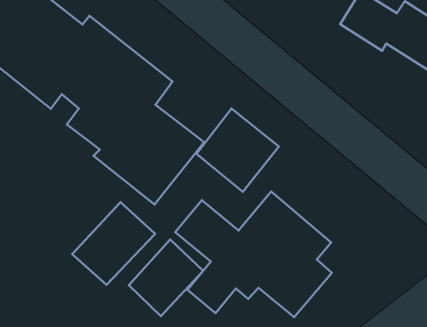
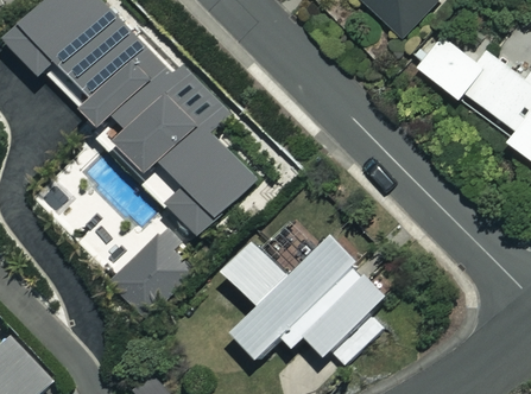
building: [197,108,279,192] -> none
building: [129,240,203,316] -> none

